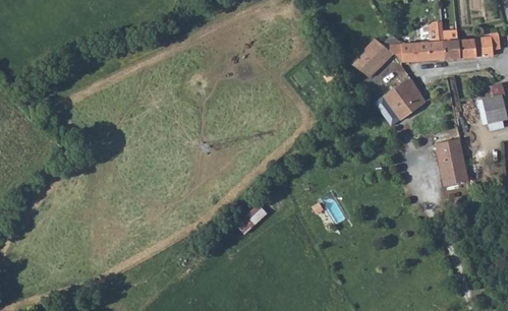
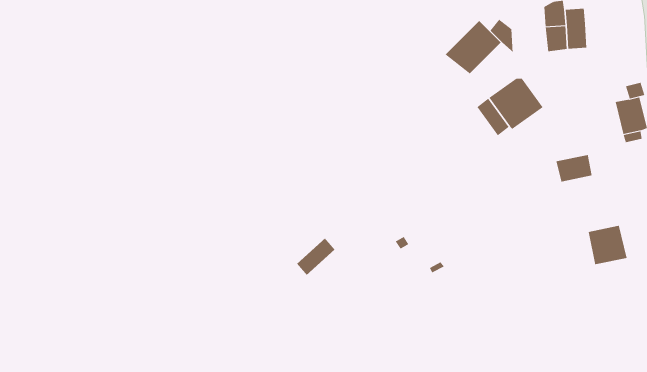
building: [458,33,499,57] -> none
building: [401,41,429,61] -> none
building: [439,156,469,186] -> [588,225,627,265]

